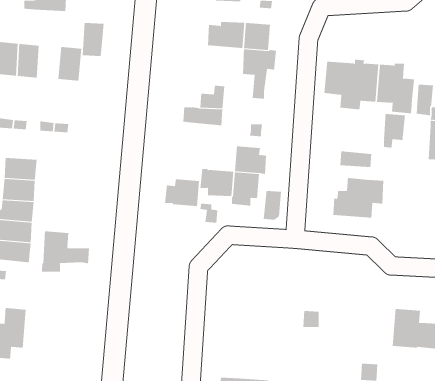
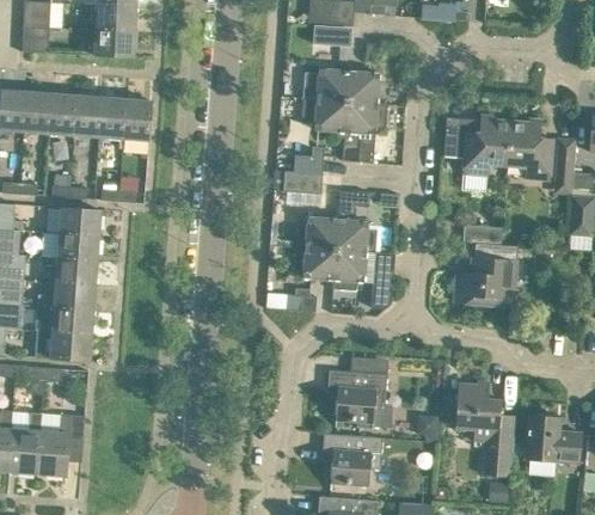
building: [82,23,105,56] -> [99,97,127,137]
building: none -> [301,97,346,131]
building: [383,113,406,148] -> none
building: none -> [60,206,102,234]
building: [164,179,200,207] -> [295,215,338,249]
building: [42,230,90,273] -> none
building: none -> [327,369,392,428]
building: none -> [454,380,515,474]
building: none -> [323,433,382,489]

